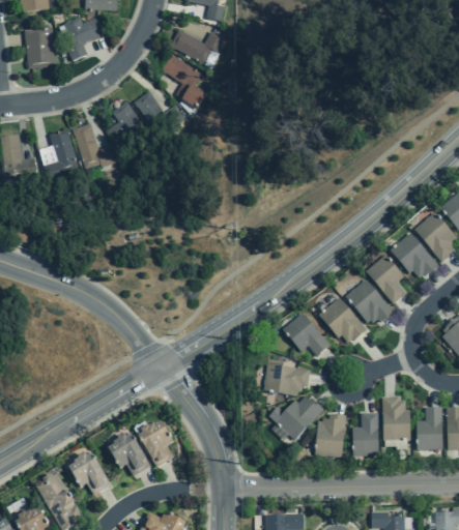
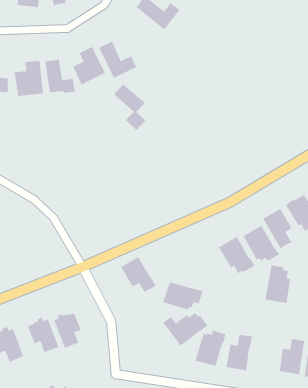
building: [162,54,206,108] -> [113,83,146,131]
building: [282,313,329,355] -> [120,256,157,293]
building: [382,396,410,440] -> [265,265,291,304]

